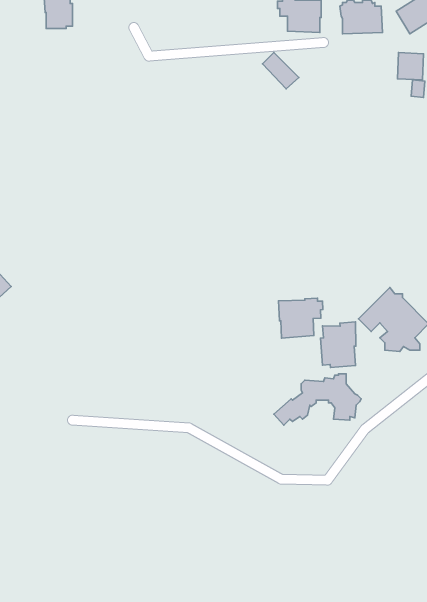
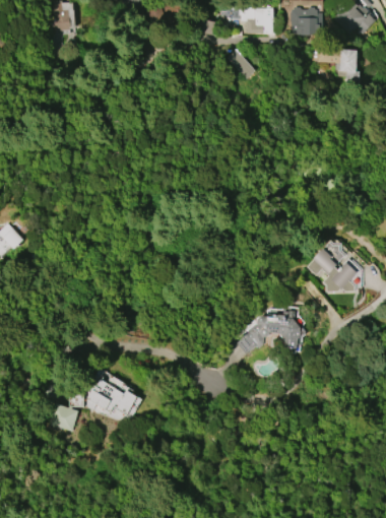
building: [279,298,323,338] -> none
building: [320,322,356,367] -> none
building: none -> [85,368,136,415]
building: none -> [45,403,77,432]

